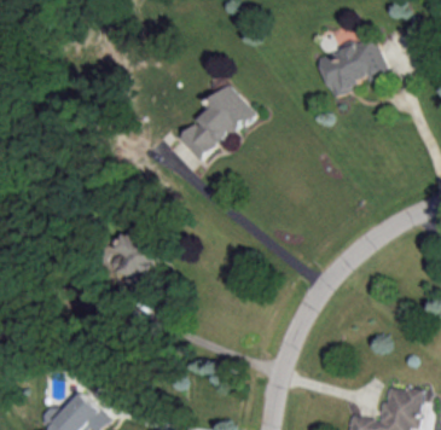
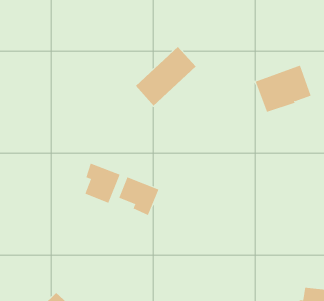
building: [318,36,388,95] -> [255,65,311,112]
building: none -> [119,176,159,216]

